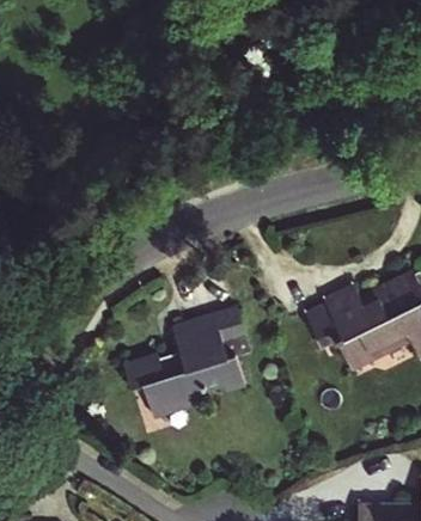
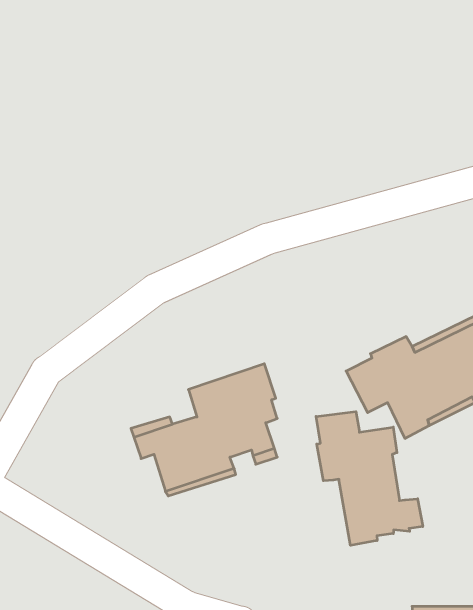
building: none -> [316,412,423,545]

